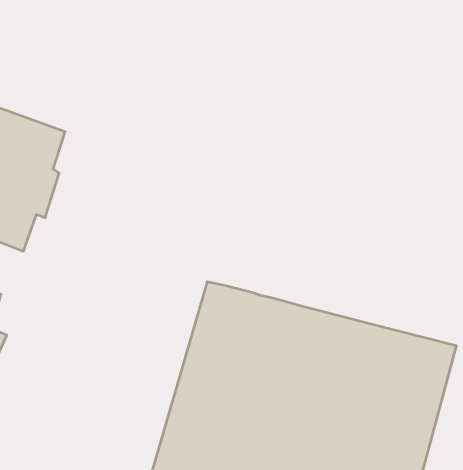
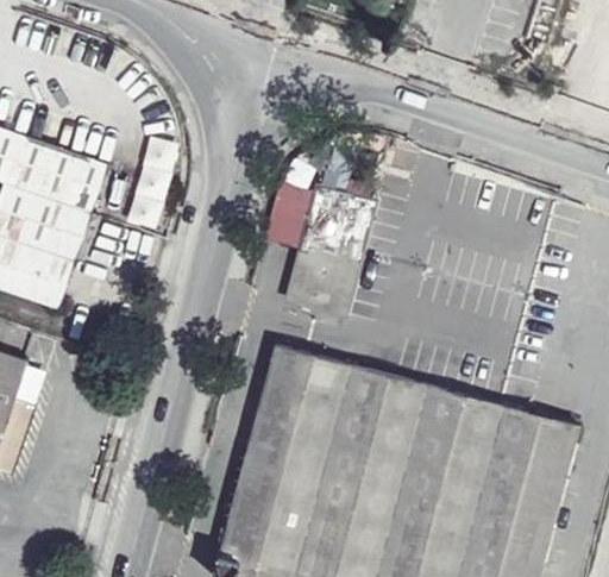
building: none -> [126,142,178,234]
building: none -> [266,184,378,324]

